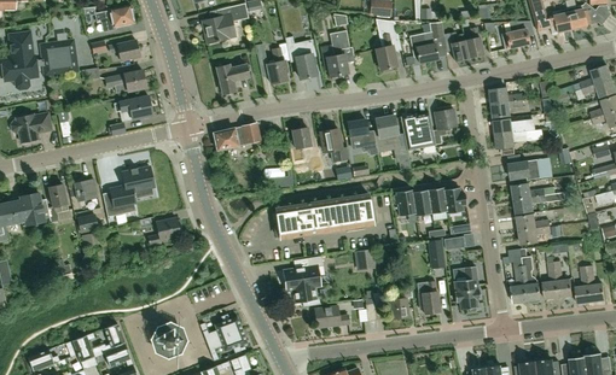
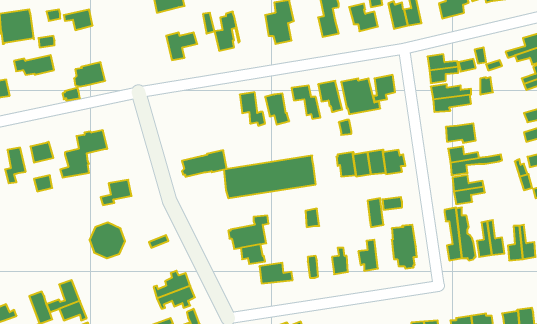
building: [287,45,315,78] -> none
building: [104,71,146,92] -> [14,55,54,75]
building: [214,122,261,150] -> [182,150,227,177]
building: [150,321,187,358] -> [89,223,125,258]

